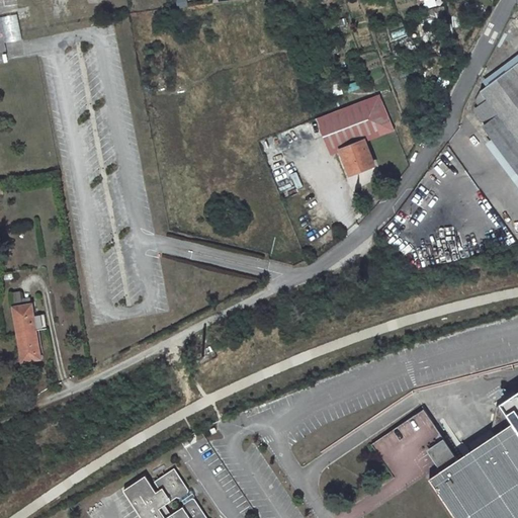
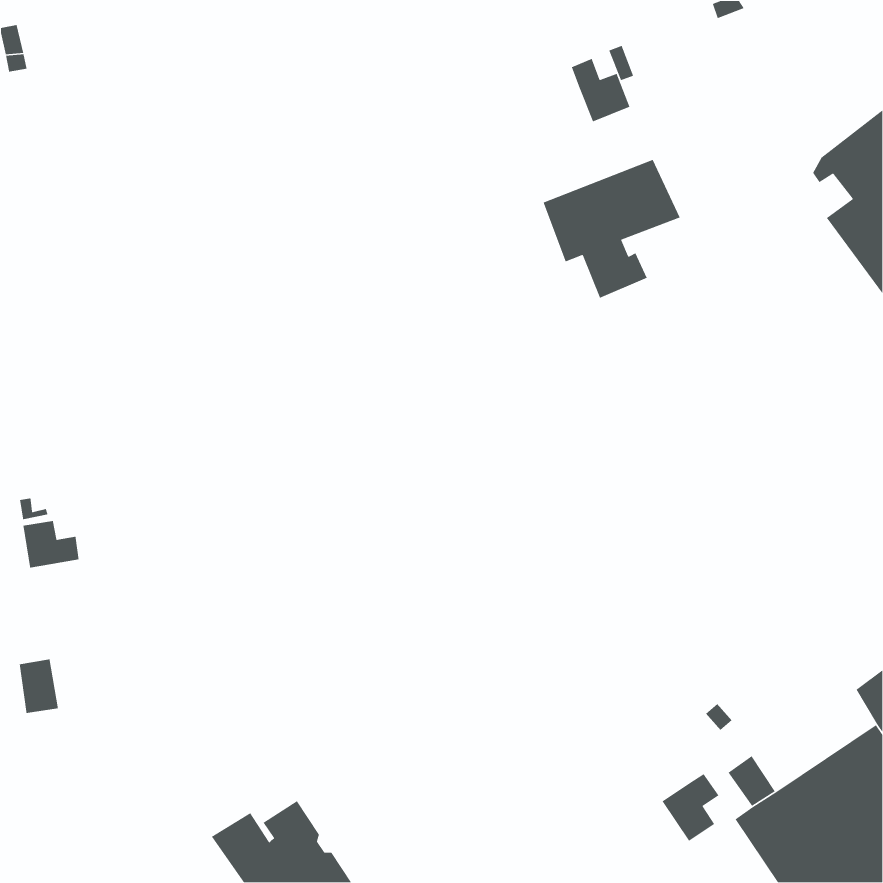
building: none -> [571,58,631,123]
building: [17,330,40,362] -> [19,659,59,714]
building: none -> [661,773,720,842]

